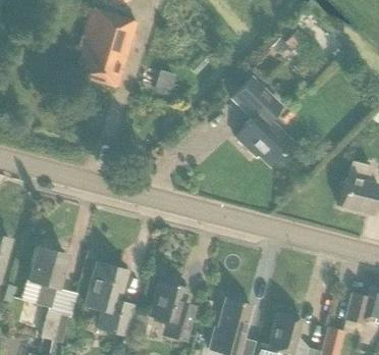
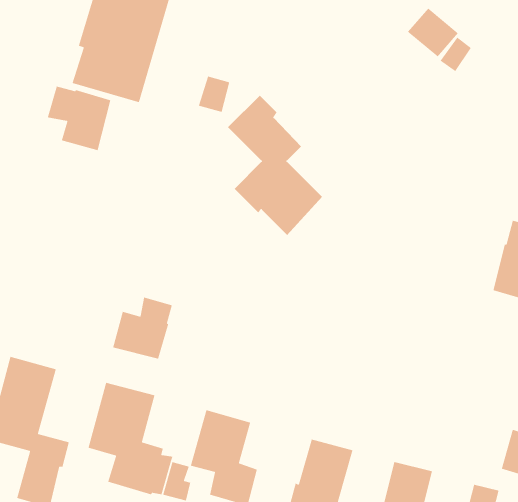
building: none -> [47,85,111,151]
building: [232,77,292,165] -> [227,95,323,236]
building: none -> [112,296,173,359]

